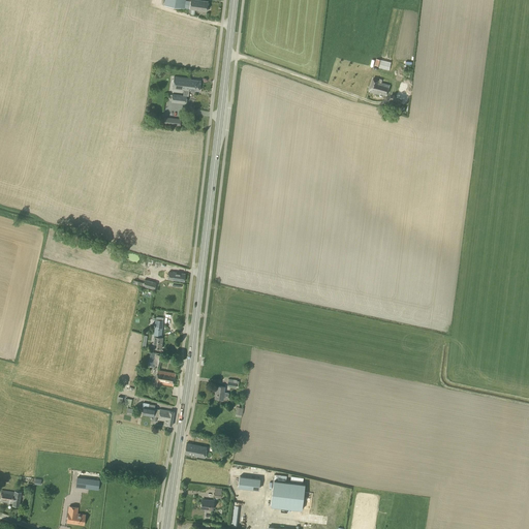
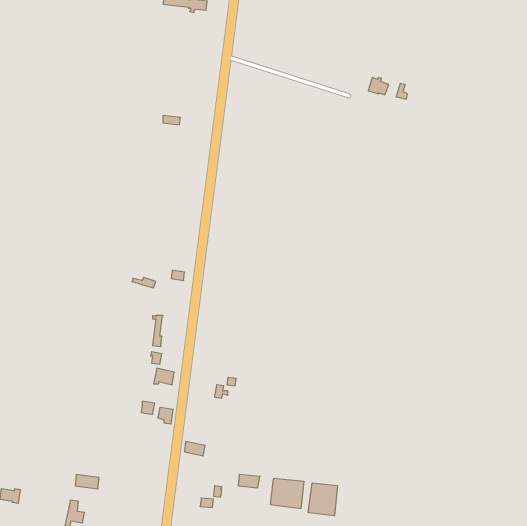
building: [170,75,199,103] -> none
building: none -> [308,483,337,516]

